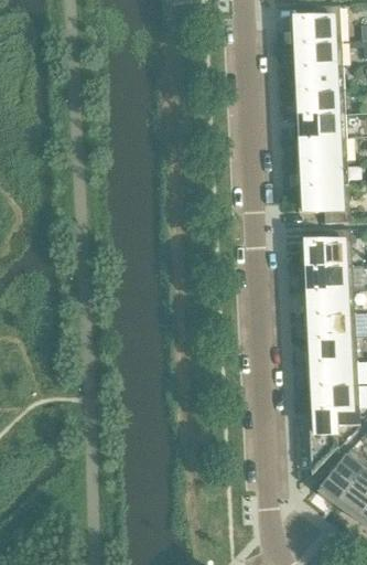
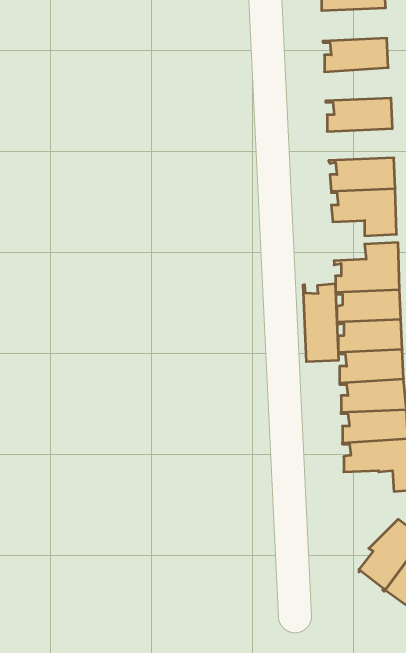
building: [290,43,342,70] -> none
building: [292,90,345,117] -> none
building: [294,139,347,164] -> none
building: none -> [303,284,338,362]
building: [307,411,347,477] -> none

